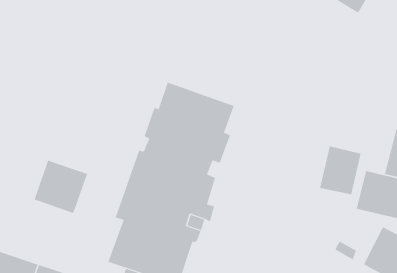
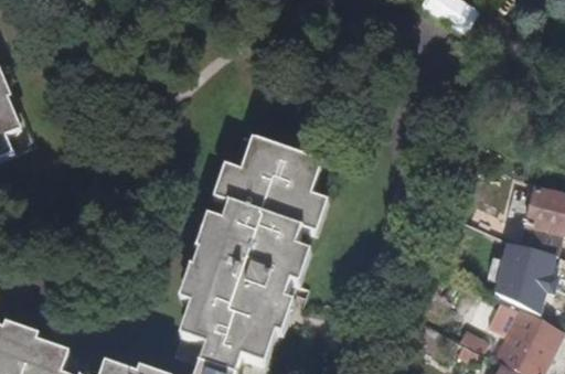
building: [319,146,361,195] -> none
building: [34,160,88,214] -> none

